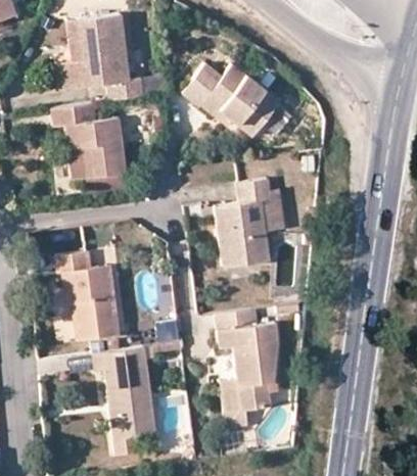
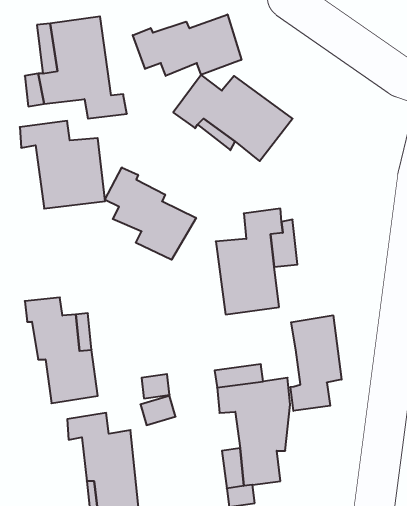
building: none -> [133,14,241,76]
building: none -> [105,167,196,260]
building: none -> [290,315,342,411]

